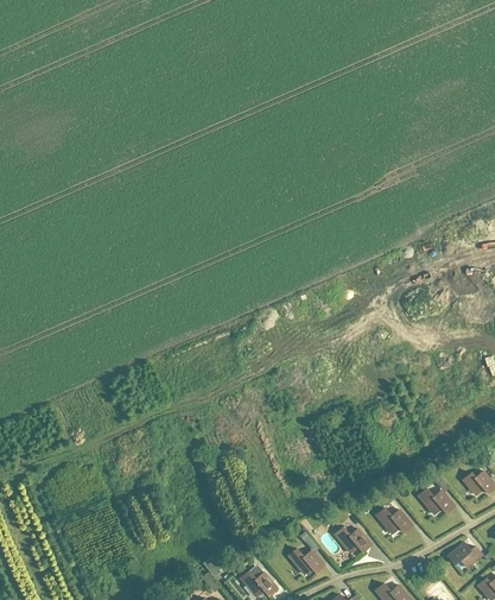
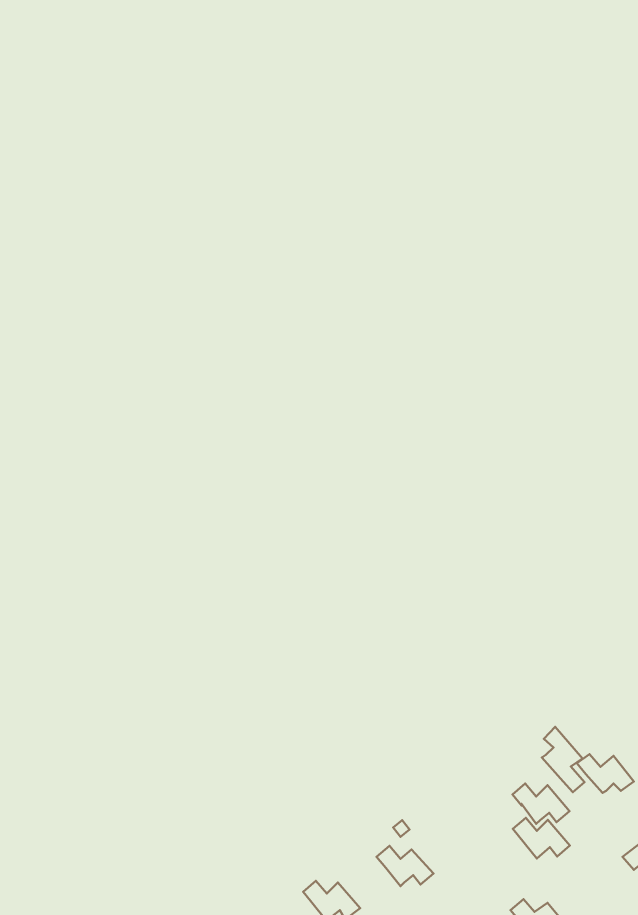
building: none -> [542,727,584,792]
building: [334,526,370,552] -> [513,818,570,858]

